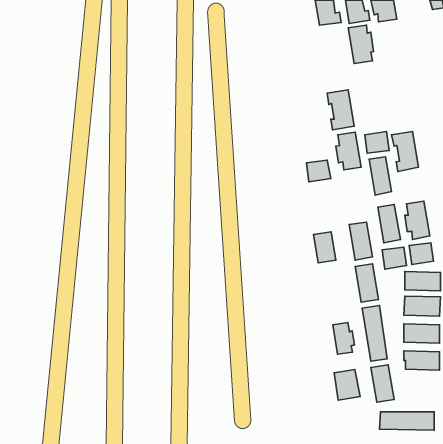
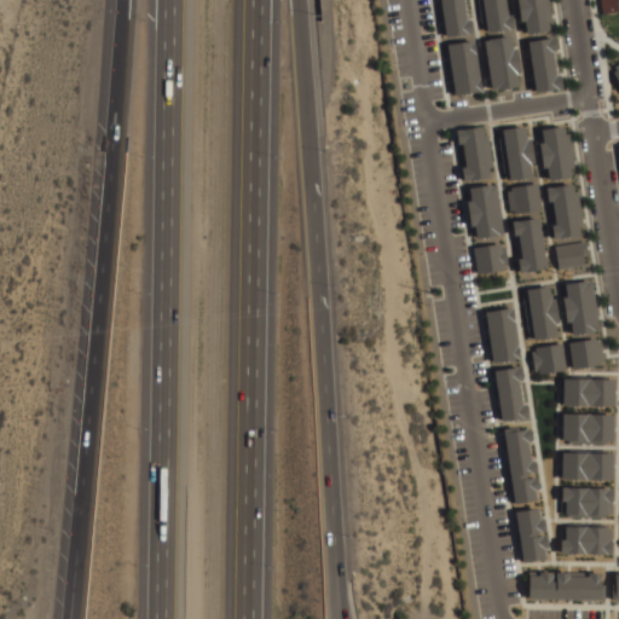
building: none -> [528,36,566,92]
building: none -> [450,41,484,96]
building: none -> [501,126,534,179]
building: none -> [542,127,578,181]
building: [306,160,331,182] -> [476,244,510,274]
building: none -> [556,241,590,271]
building: [314,232,336,263] -> none
building: [333,322,355,354] -> none
building: [334,369,360,400] -> none
building: none -> [563,526,613,554]

